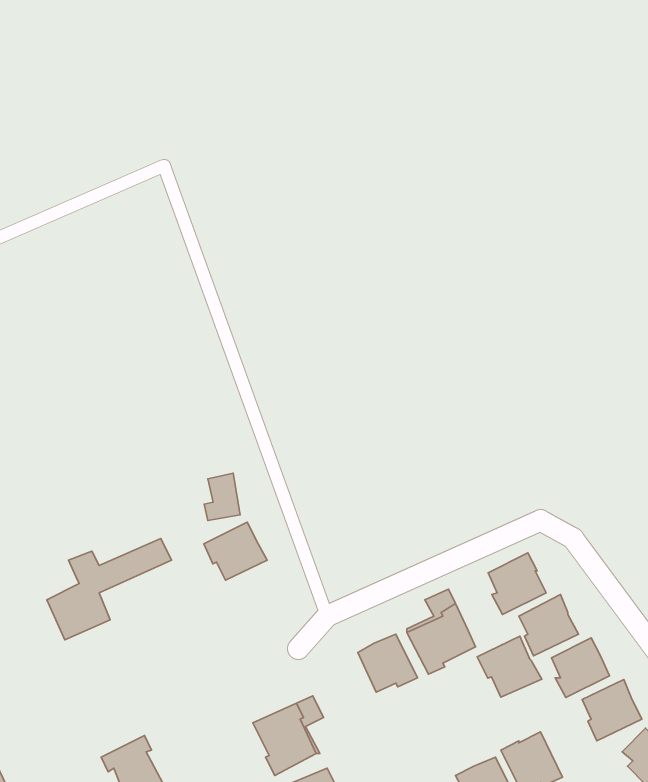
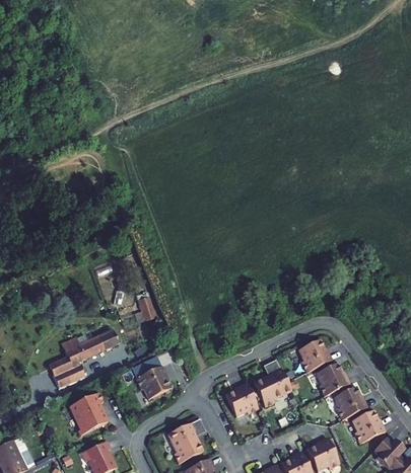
building: [204,522,267,580] -> [135,367,170,399]
building: [477,636,542,697] -> none
building: none -> [70,392,107,433]

